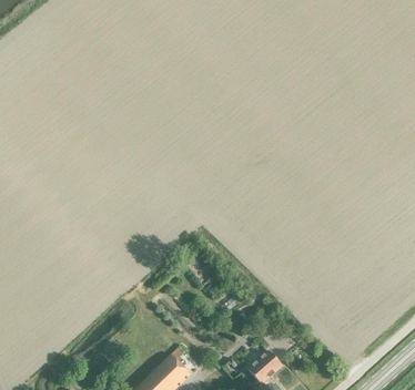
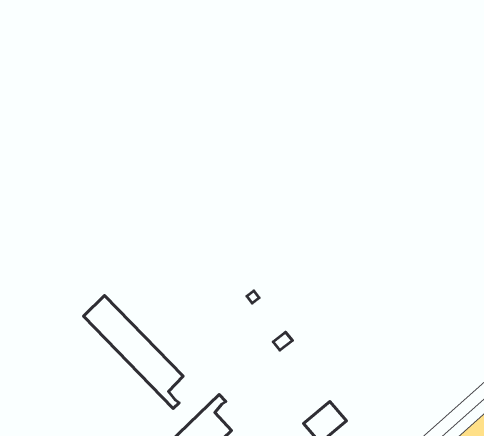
building: none -> [83,295,183,409]

